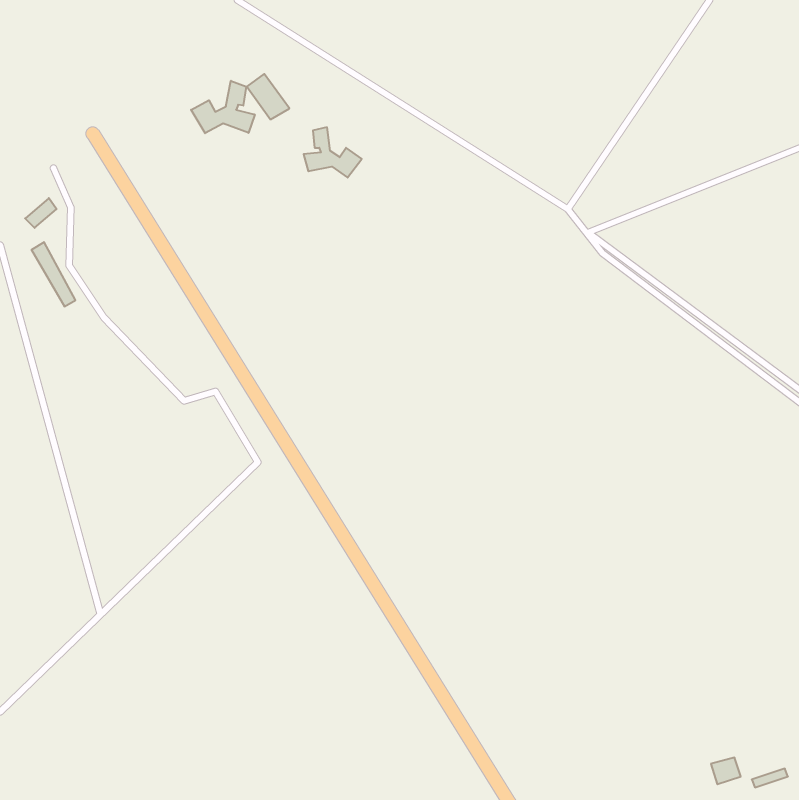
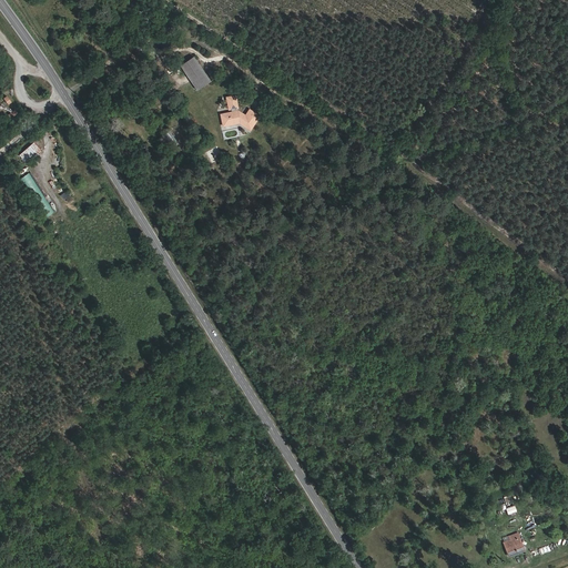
building: [191,81,255,133] -> none

